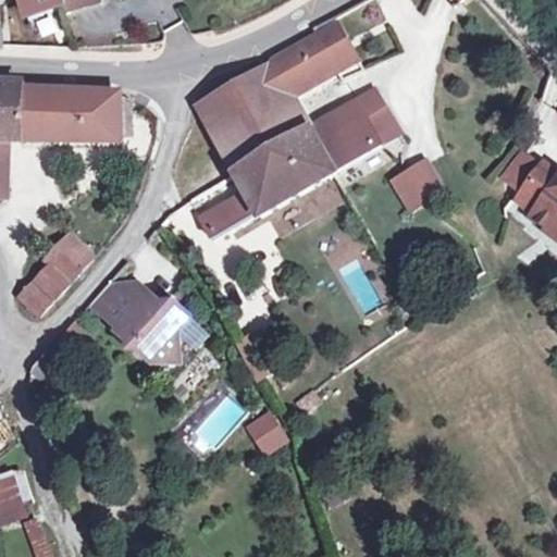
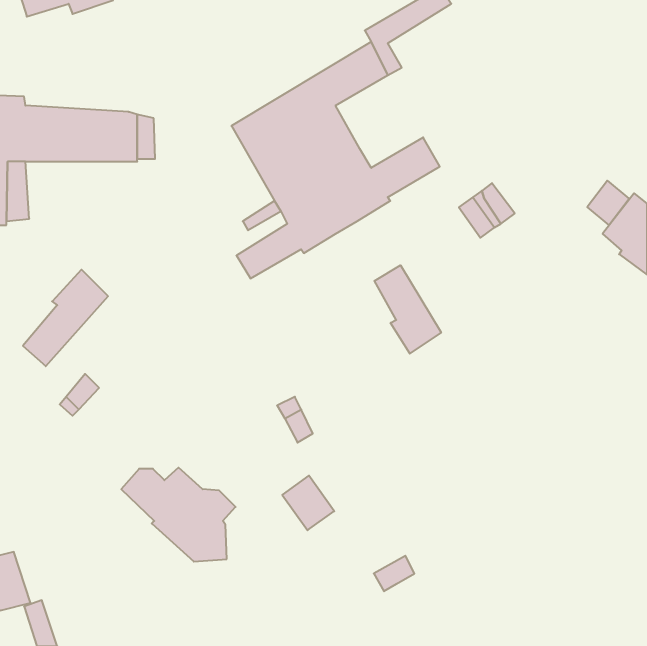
building: [308,94,399,144] -> none
building: none -> [374,265,441,354]
building: [89,284,187,364] -> [121,468,236,562]

